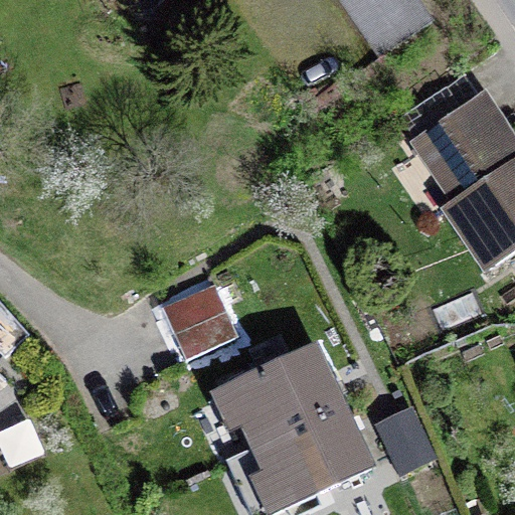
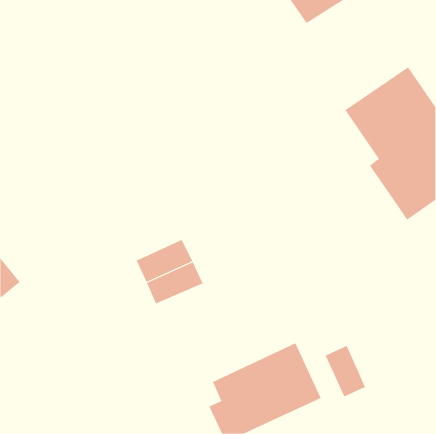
building: [205,342,348,450] -> none

